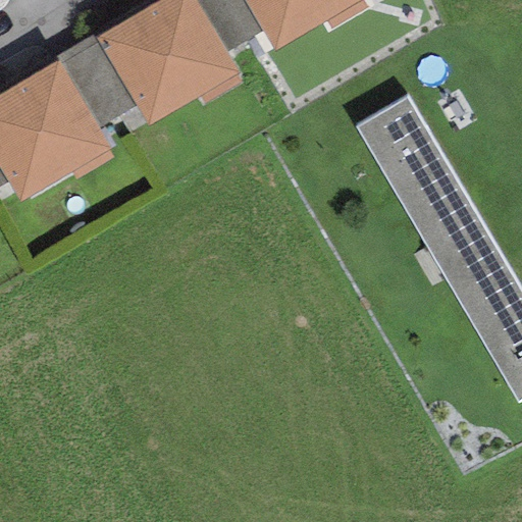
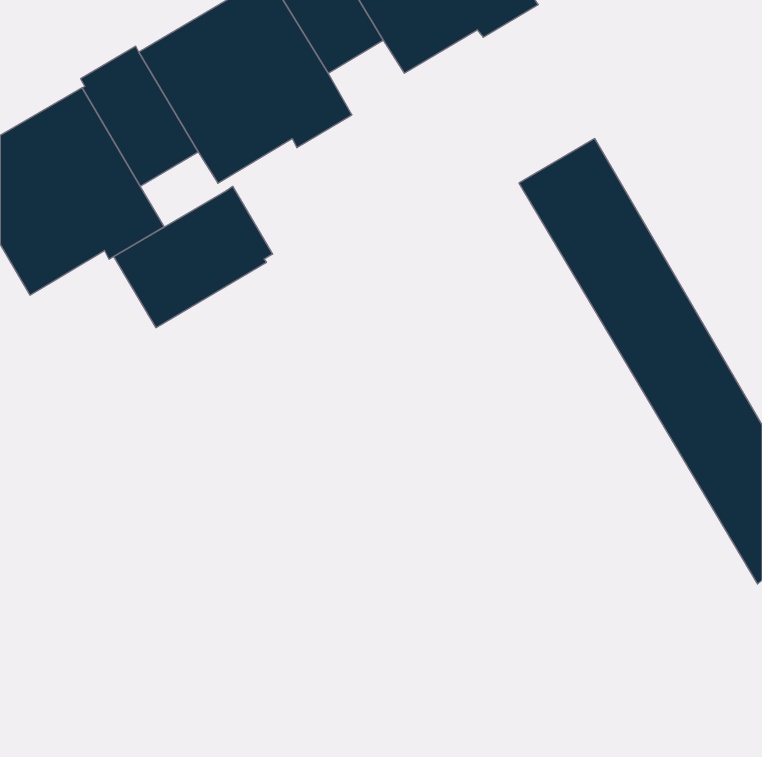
building: none -> [114,186,273,328]

